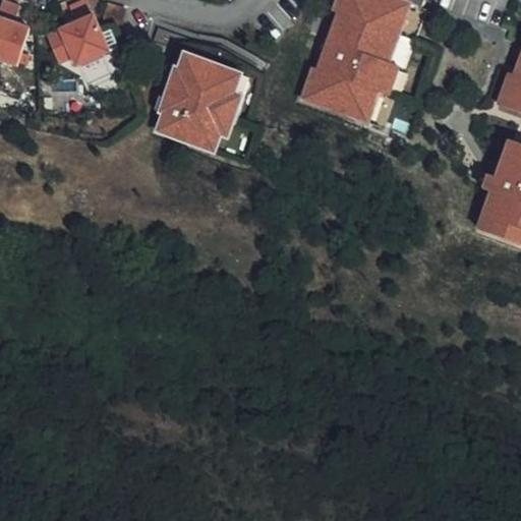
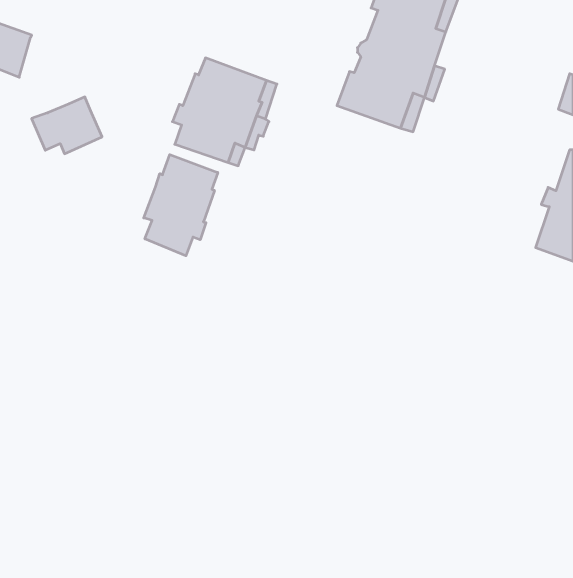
building: [44,19,107,70] -> [32,97,102,154]
building: none -> [144,155,218,256]

